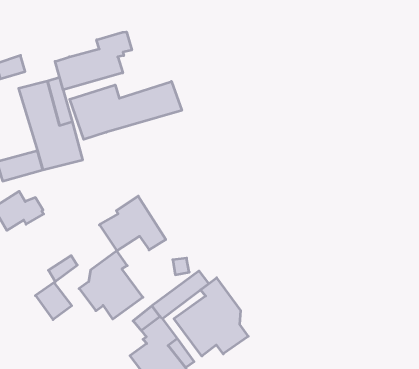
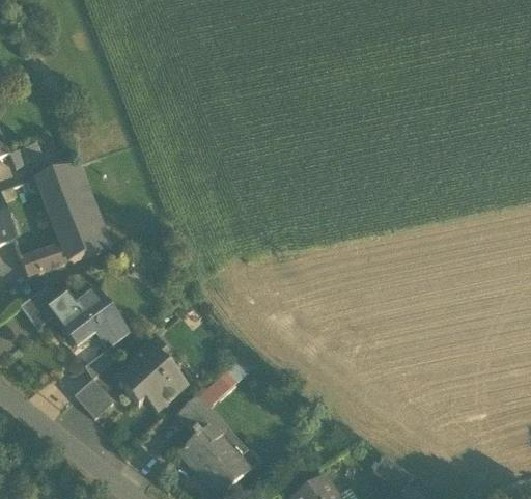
building: [55,32,132,90] -> none
building: [70,81,182,139] -> none
building: [99,196,166,251] -> [55,286,127,346]
building: [174,278,248,356] -> none

